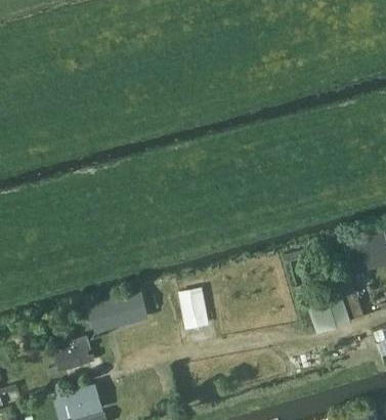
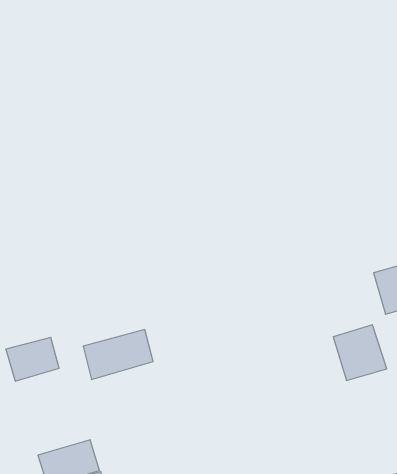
building: [178,289,207,330] -> none
building: [49,334,95,372] -> [6,337,59,381]

